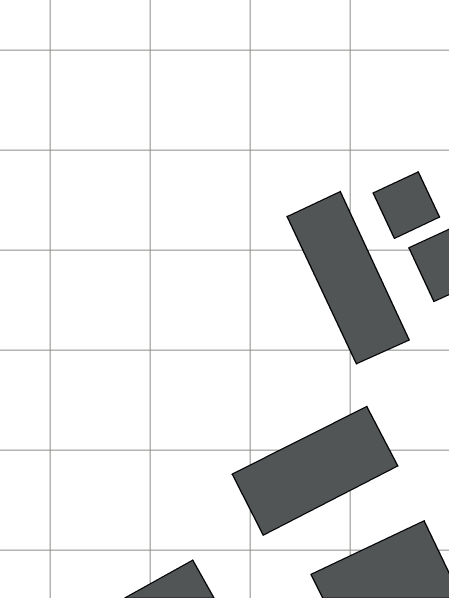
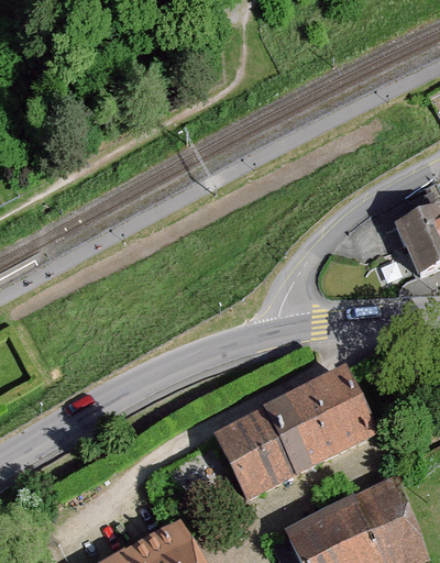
building: [373,172,439,238] -> none
building: [287,191,409,364] -> none

